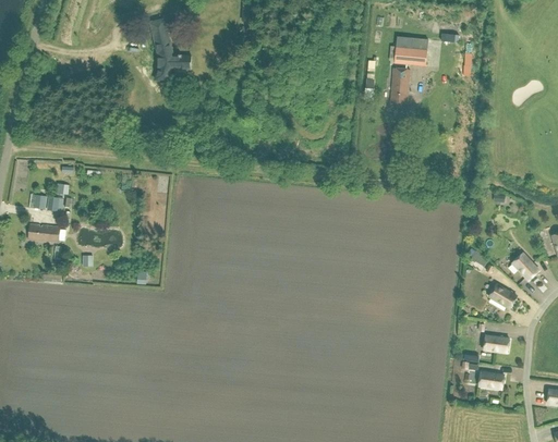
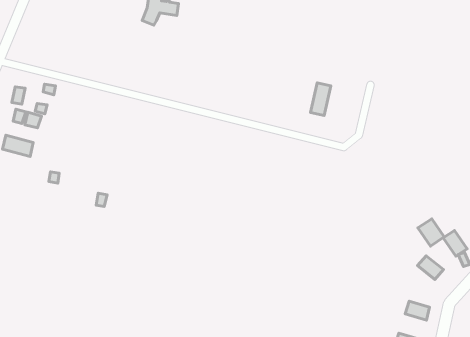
building: [393,36,426,65] -> none
building: [389,67,407,101] -> [310,83,331,115]
building: none -> [418,219,444,246]

